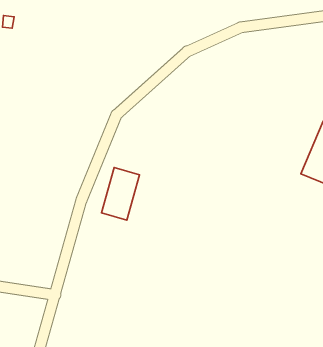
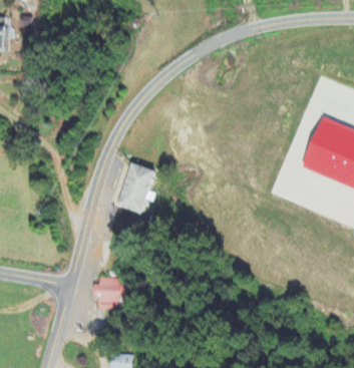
building: none -> [91,275,121,308]

